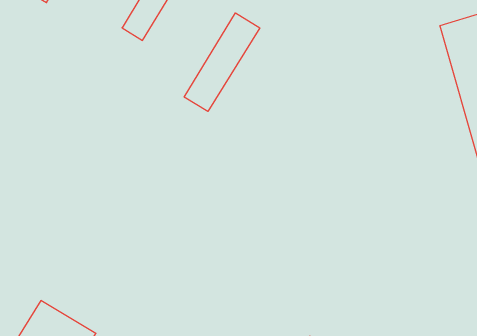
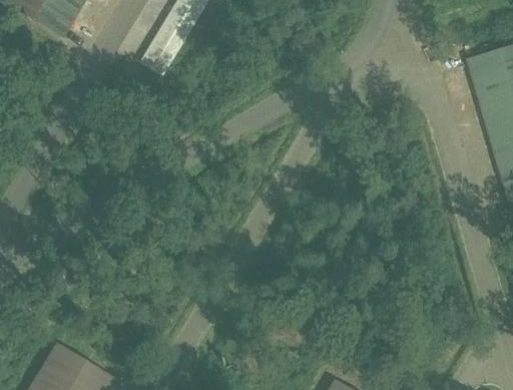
building: [184,13,260,111] -> none

